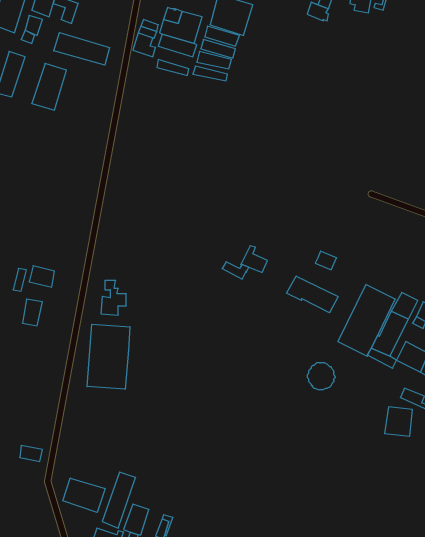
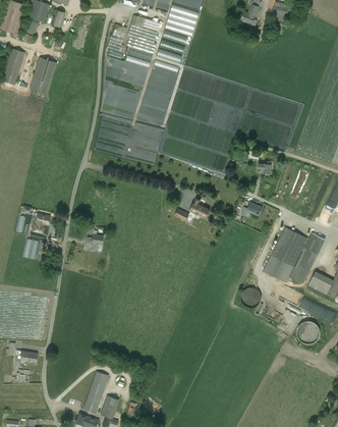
building: [54,33,110,65] -> none
building: [286,276,338,313] -> none
building: [87,324,130,389] -> none
building: [63,478,105,512] -> none

